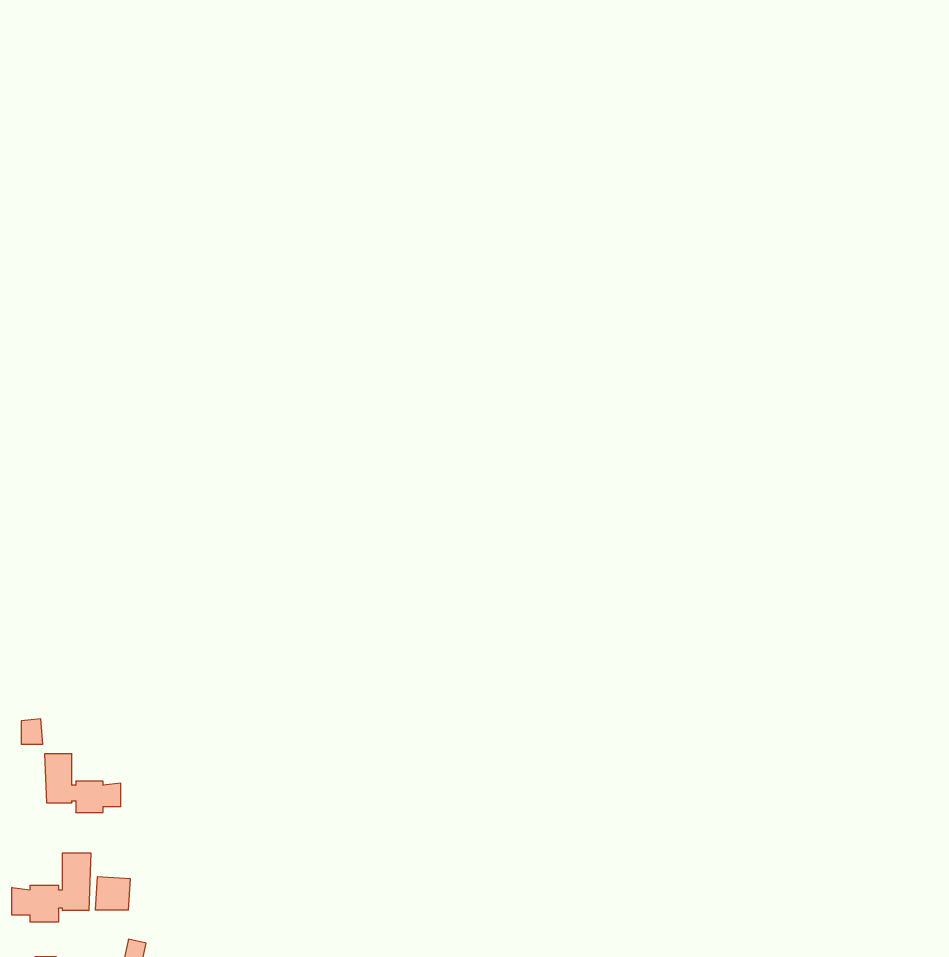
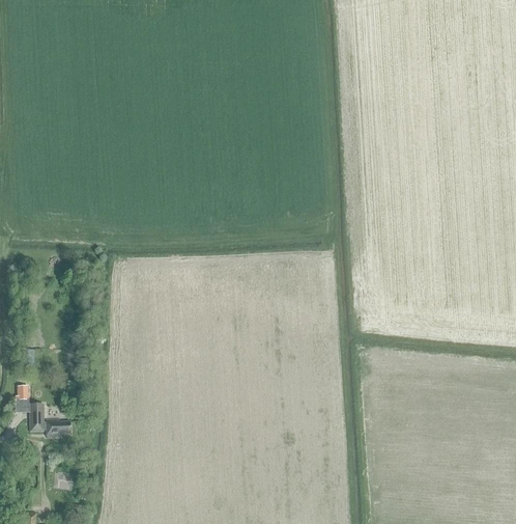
building: [12,853,91,922] -> none

